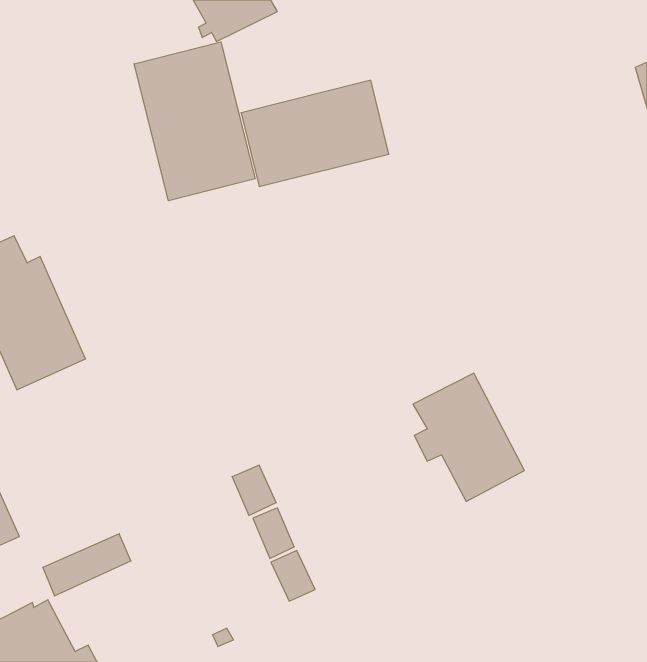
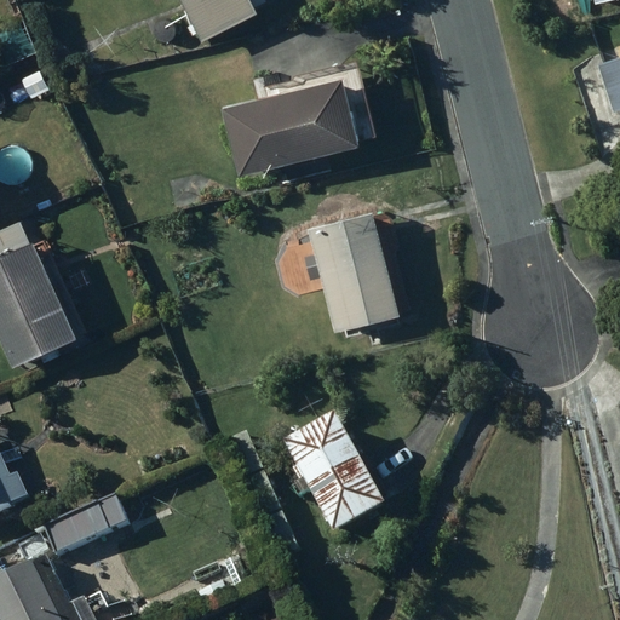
building: [134,42,255,201] -> none
building: none -> [302,209,401,329]
building: [413,373,524,501] -> [282,418,386,538]

